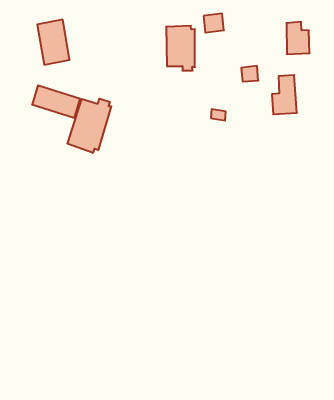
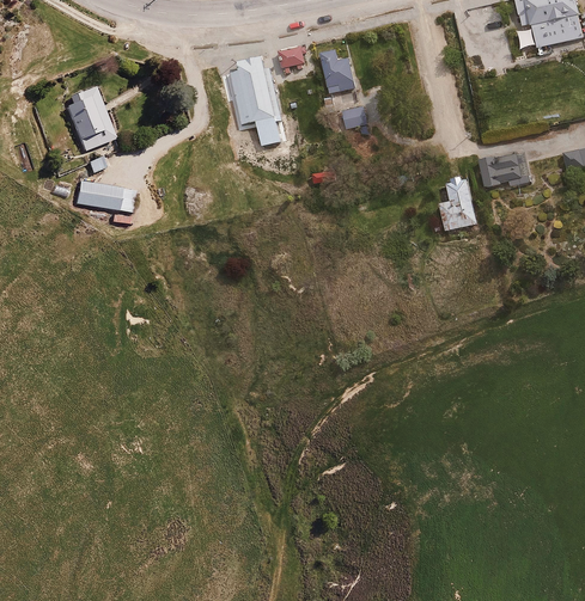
building: [286,22,310,54] -> [318,48,355,93]
building: [272,75,297,114] -> [440,173,477,229]
building: [67,99,111,153] -> none

